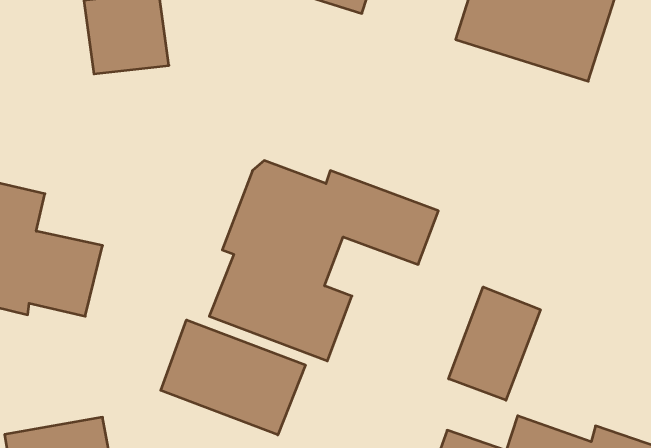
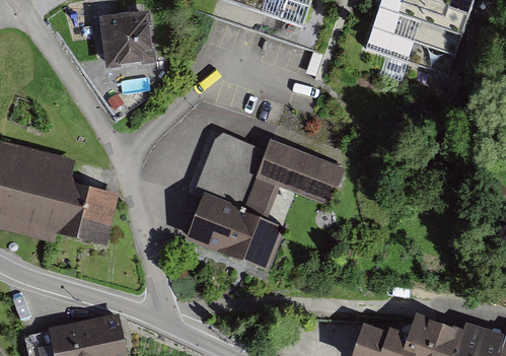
building: [449,287,540,400] -> none
building: [161,320,305,435] -> none

